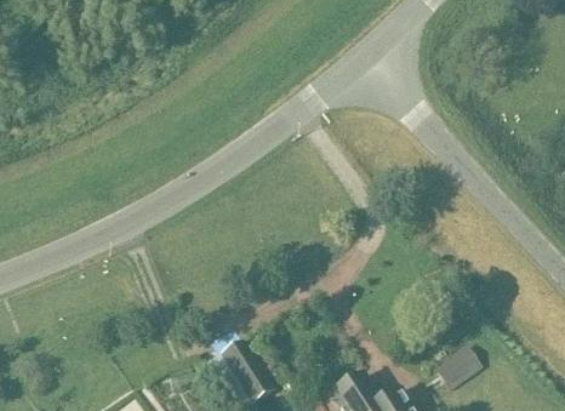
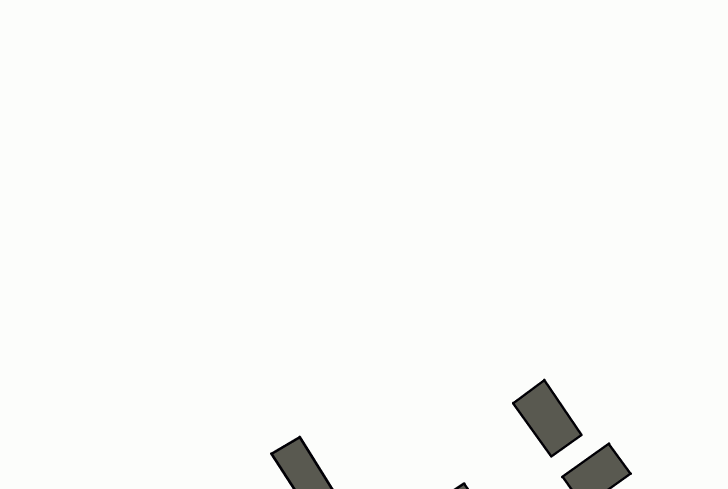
building: none -> [513,380,581,456]

